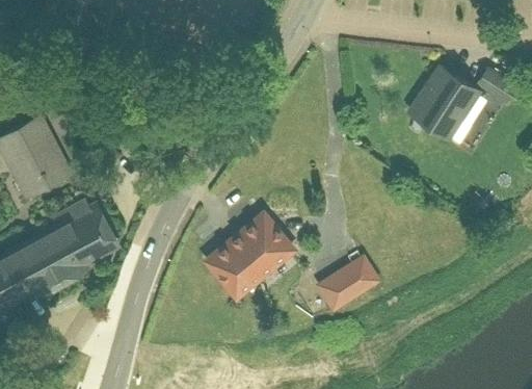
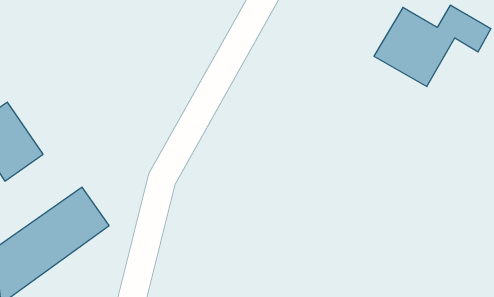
building: [207,213,297,303] -> none
building: [316,256,374,304] -> none

